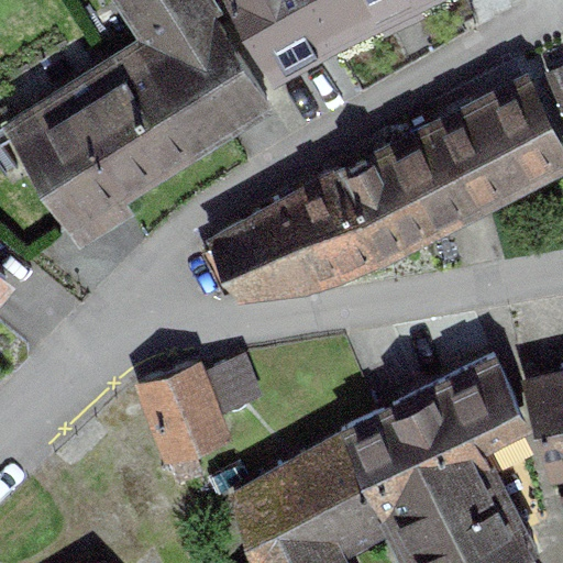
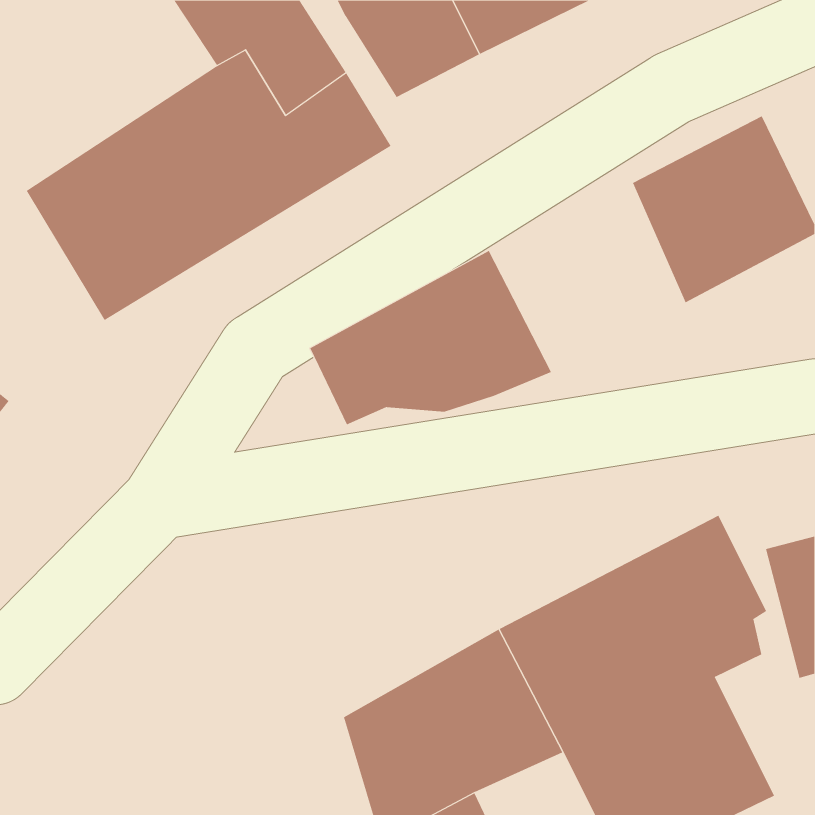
building: [335,129,470,258] -> none
building: [139,363,223,481] -> none

